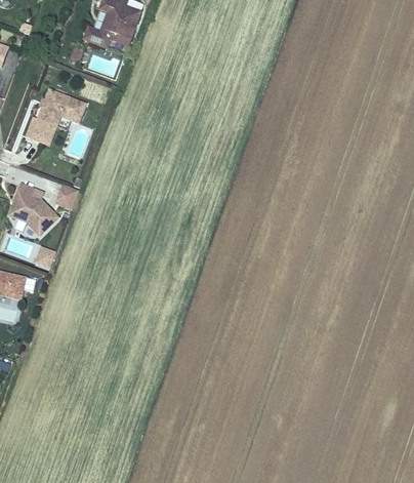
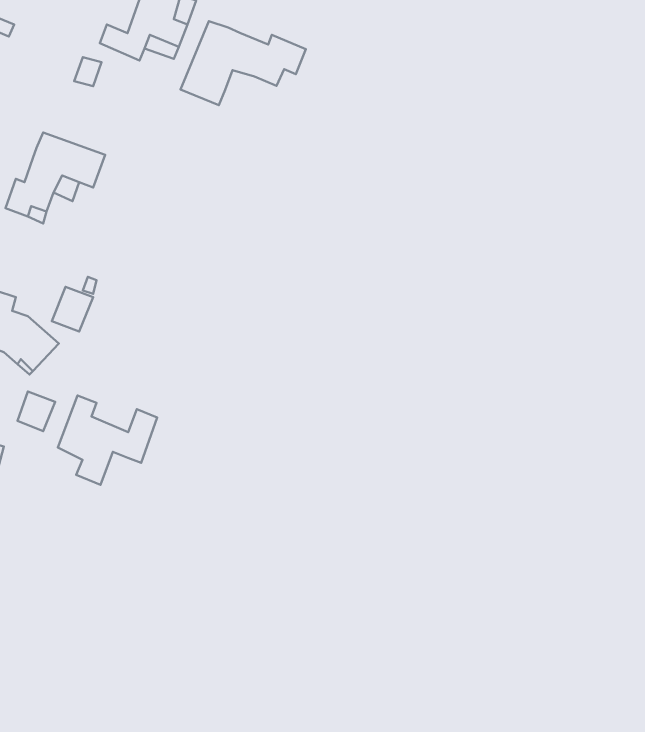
building: none -> [180,21,306,105]
building: none -> [58,395,157,485]

